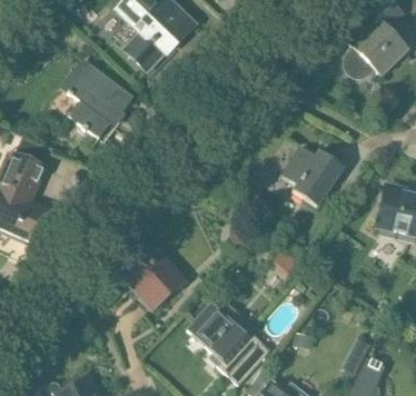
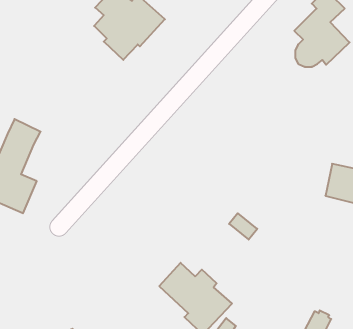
building: [67,62,133,138] -> none
building: [281,145,344,206] -> none
building: [119,241,185,308] -> none

